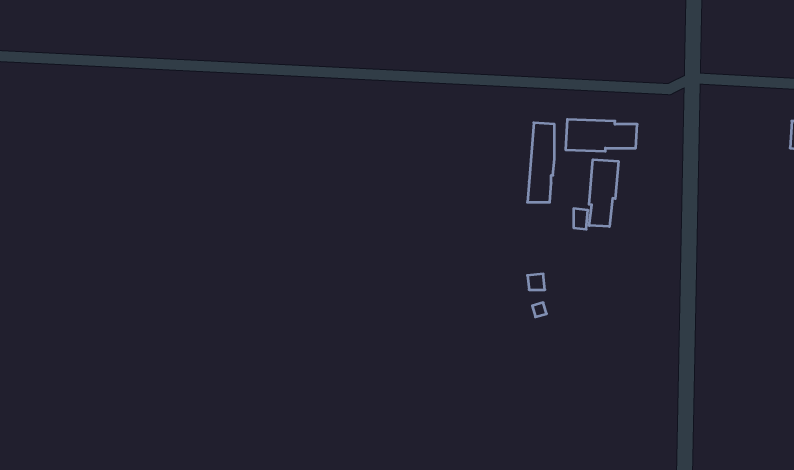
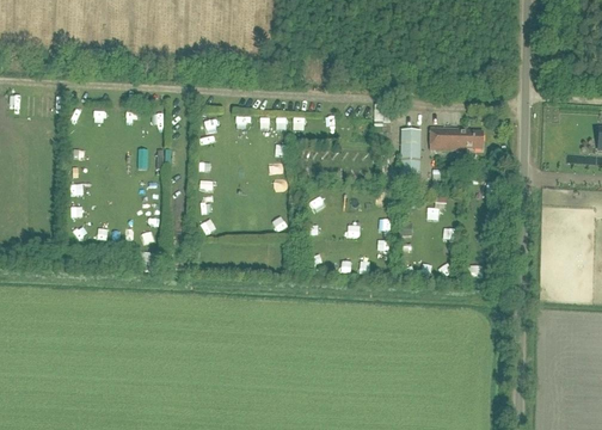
building: [589,160,618,227] -> none

